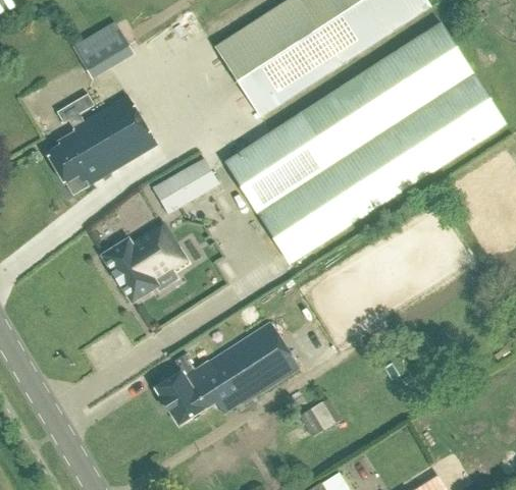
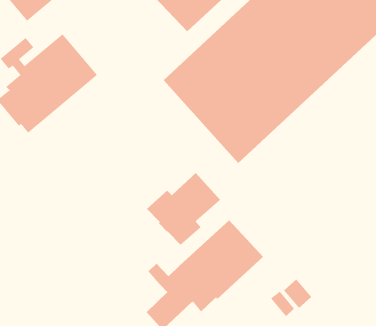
building: [152,158,218,213] -> none
building: [102,225,183,300] -> [146,172,221,245]
building: [154,371,190,403] -> none

